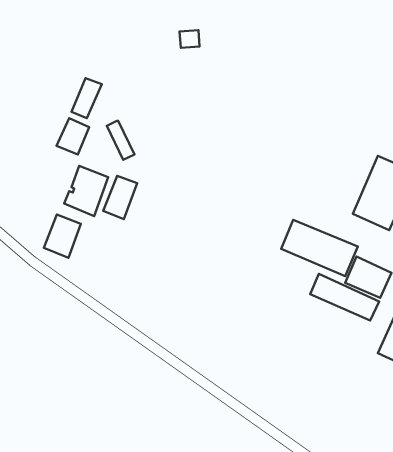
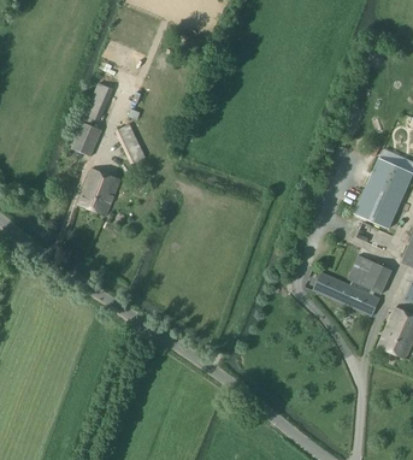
building: [103,176,137,219] -> none
building: [44,215,81,258] -> none
building: [281,220,358,276] -> none

